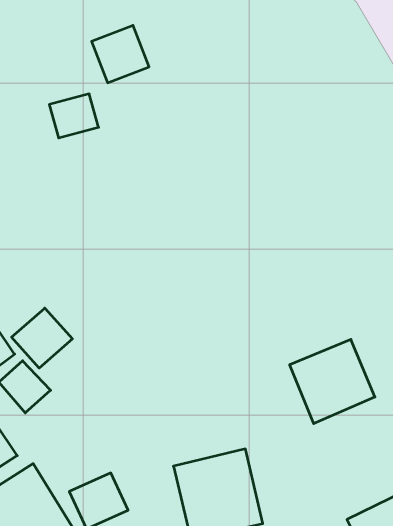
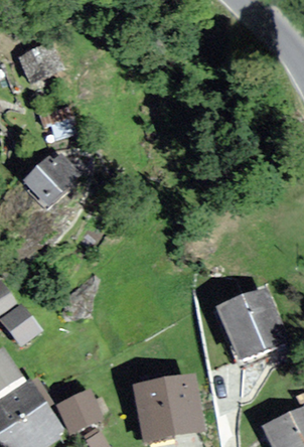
building: [92,25,149,83] -> [19,42,62,86]
building: none -> [22,151,75,203]
building: [12,308,72,368] -> none

